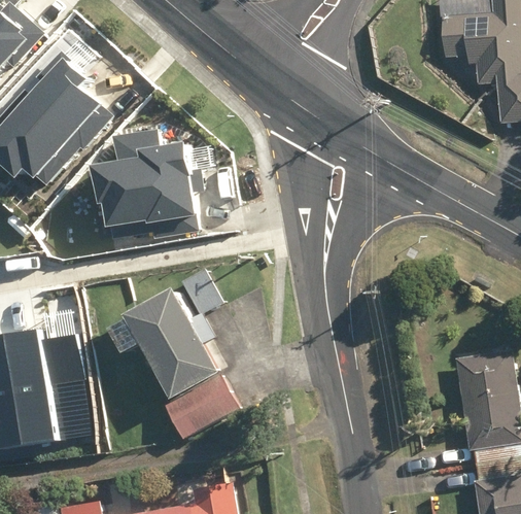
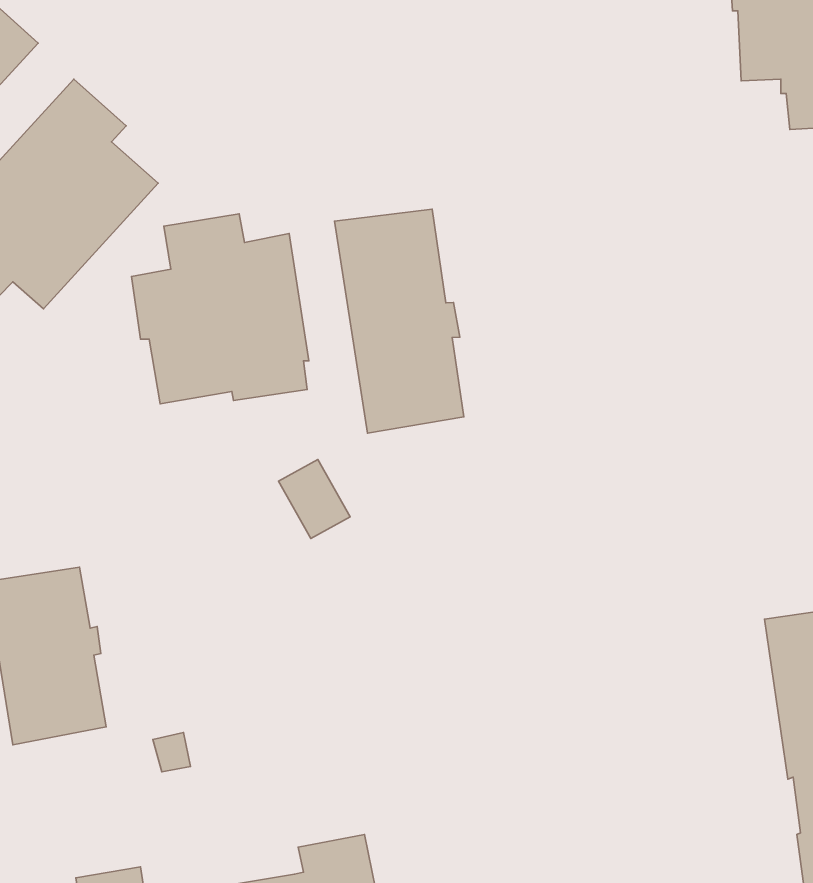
building: none -> [335,209,464,433]
building: [110,287,234,439] -> none

